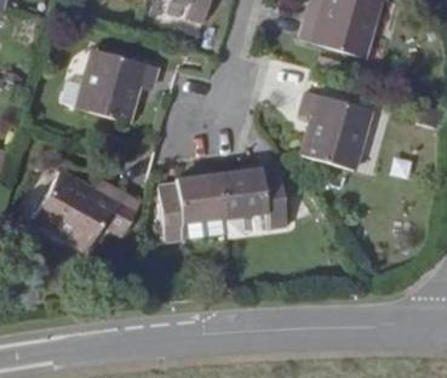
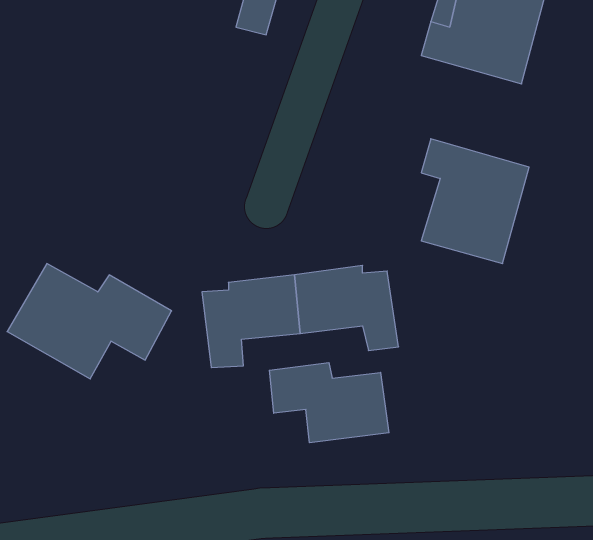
building: [78,47,160,127] -> none
building: none -> [269,363,389,443]

